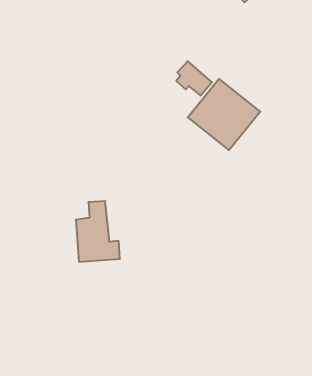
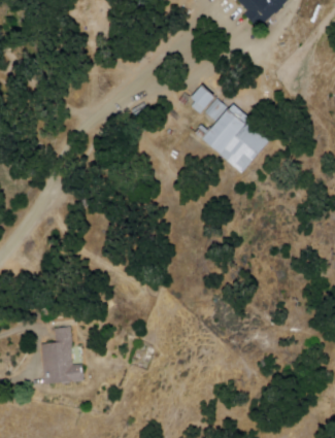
building: [76,201,120,262] -> [40,324,83,383]

